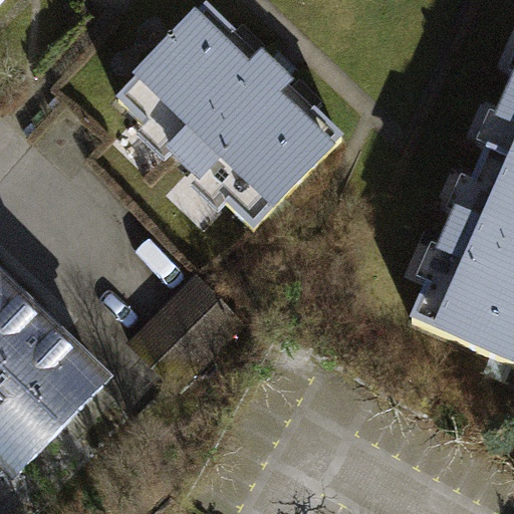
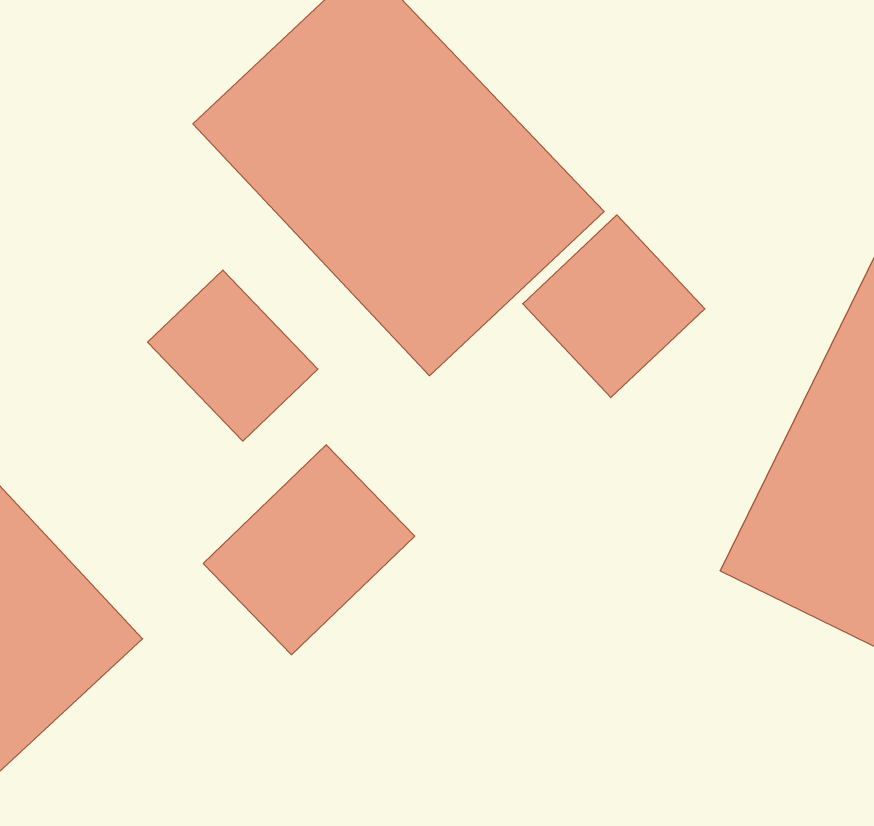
building: none -> [523,215,705,398]
building: none -> [148,270,318,441]

